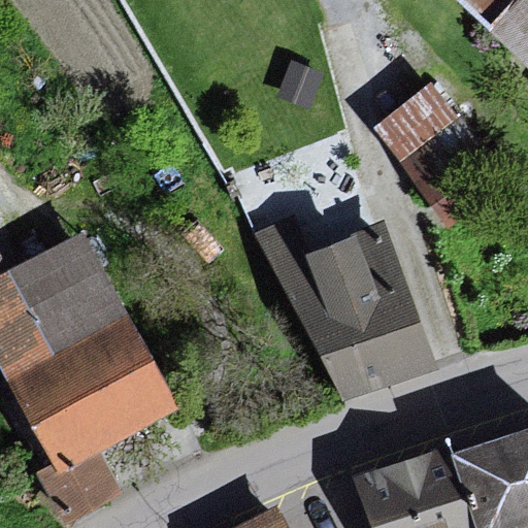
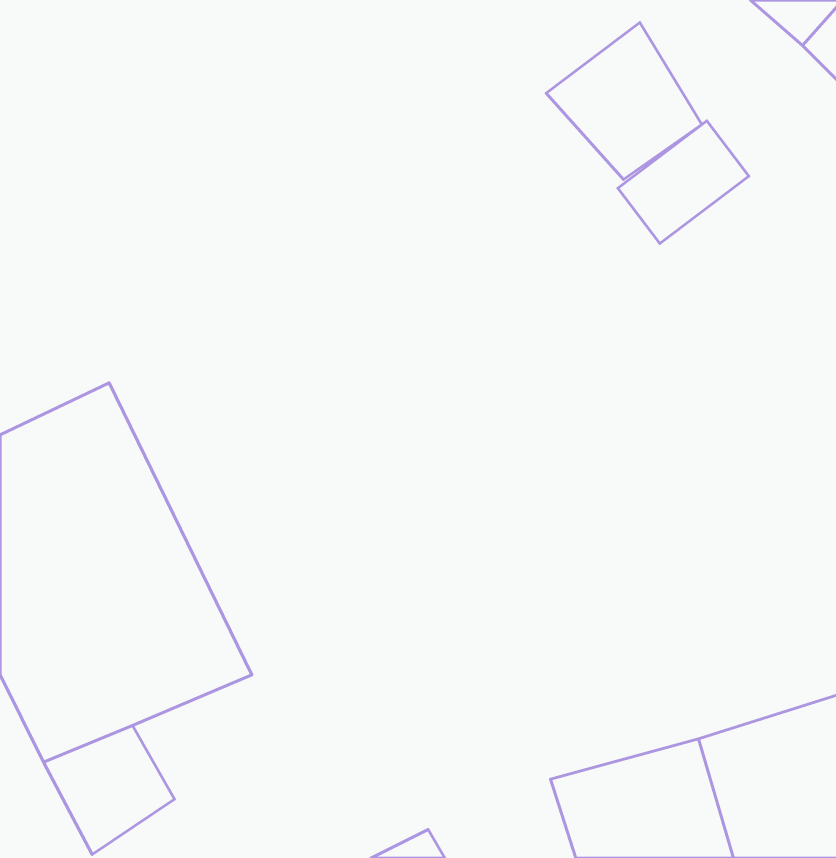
building: none -> [546,22,702,180]
building: [261,198,433,406] -> none

